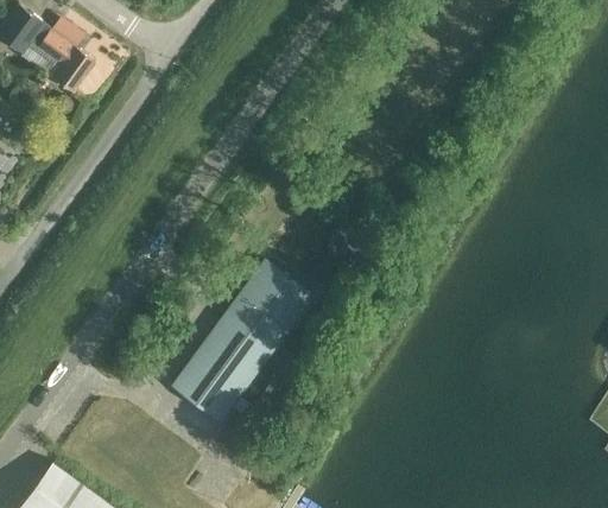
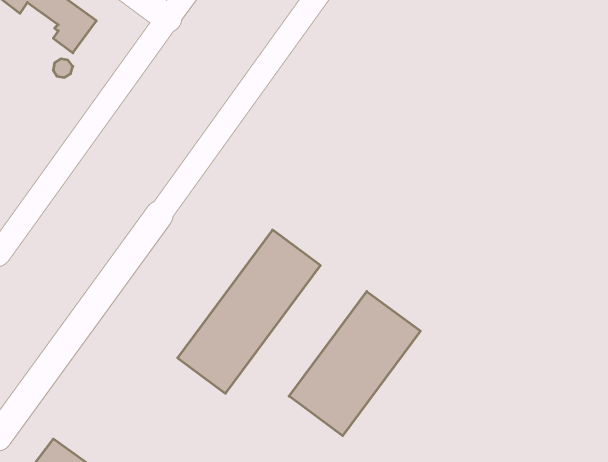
building: none -> [289,291,420,436]

